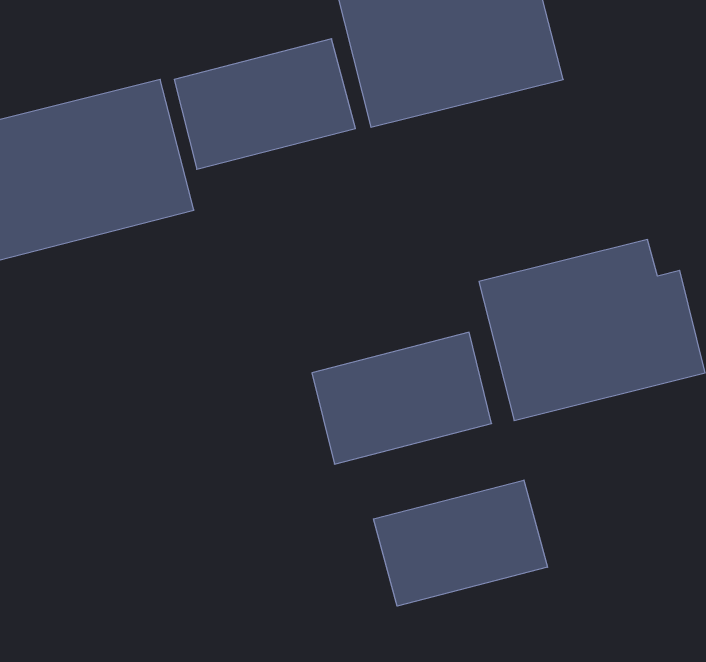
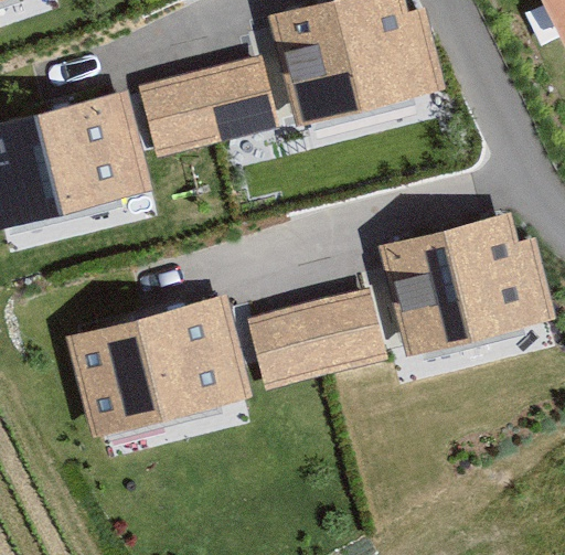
building: none -> [65,295,252,439]
building: [373,480,548,606] -> none

